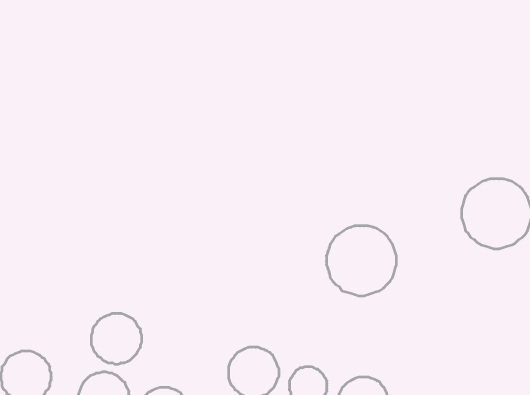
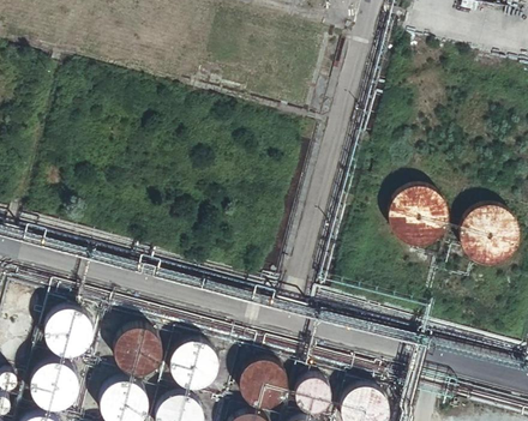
building: [326,226,396,296] -> [386,185,451,249]
building: none -> [43,308,90,355]
building: none -> [169,342,216,389]

